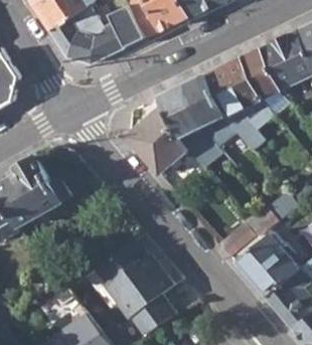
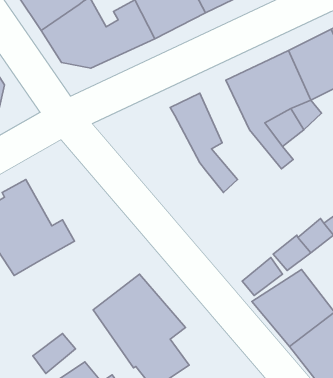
building: [185,72,227,126] -> none
building: [128,103,190,173] -> none

